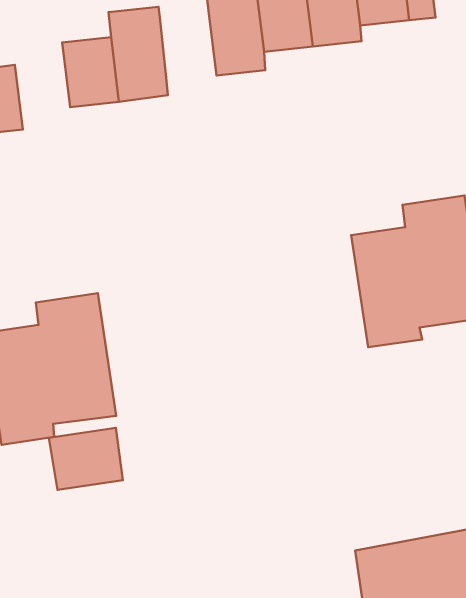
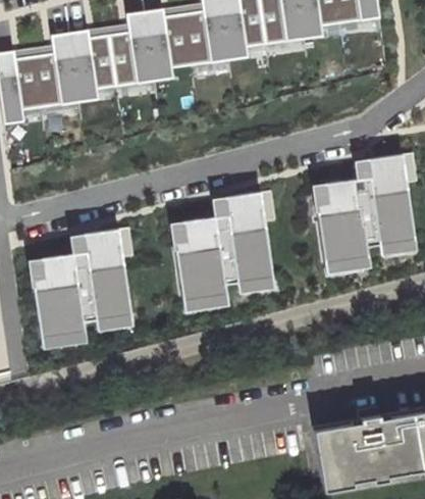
building: none -> [166,12,210,66]
building: none -> [52,31,98,104]
building: none -> [172,193,274,310]
building: [49,428,123,490] -> none

